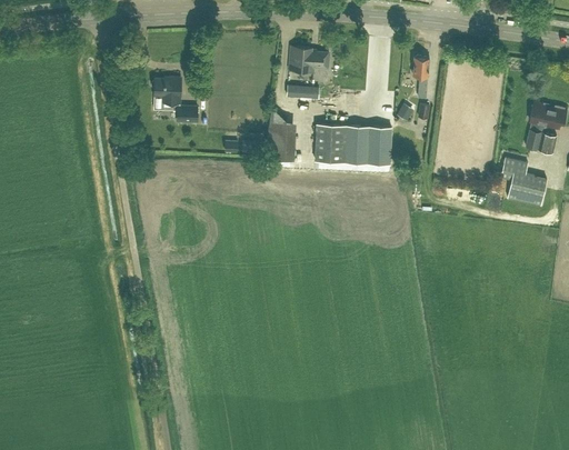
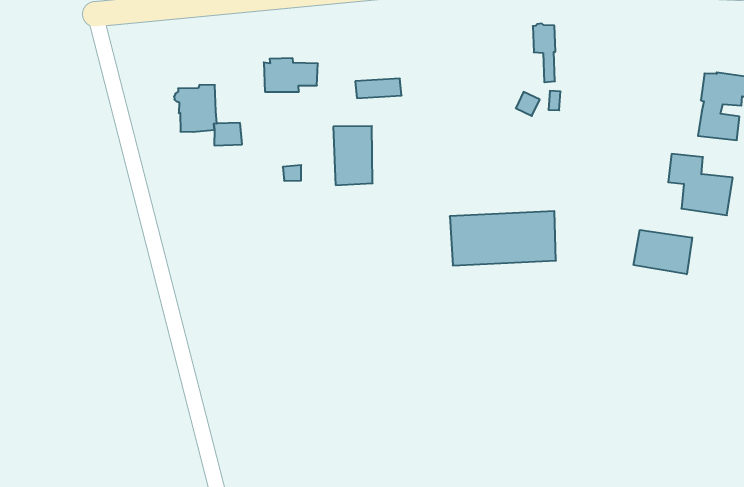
building: [290,47,330,72] -> [264,58,318,92]
building: [316,124,392,163] -> [450,211,556,265]
building: none -> [634,230,692,274]

